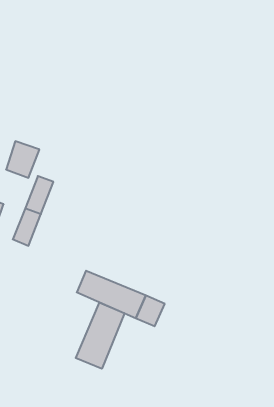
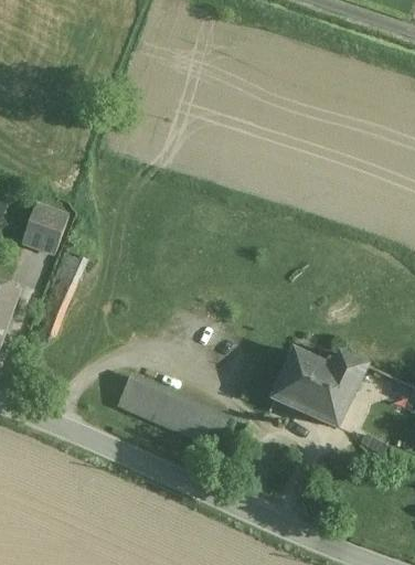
building: none -> [272,349,366,426]
building: [76,303,124,369] -> none

